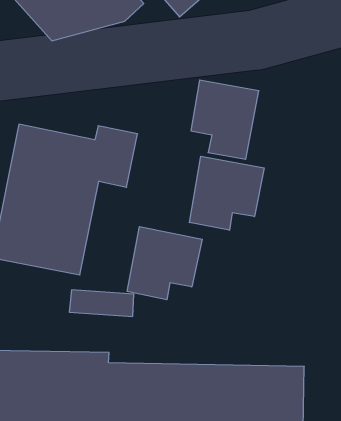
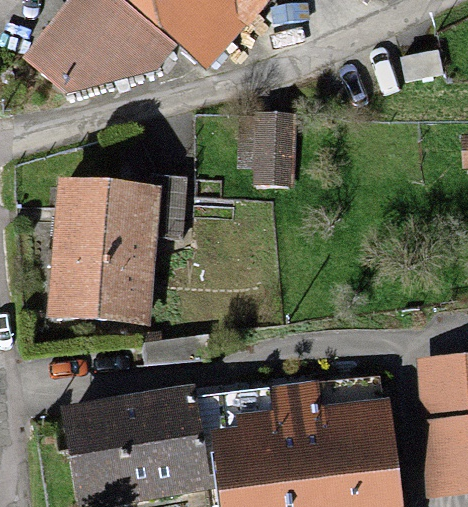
building: [189,156,264,230] -> none
building: [127,227,202,300] -> none

